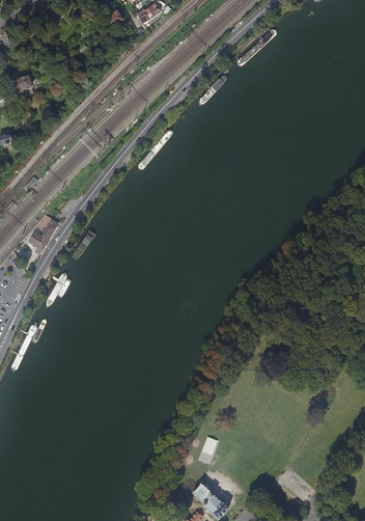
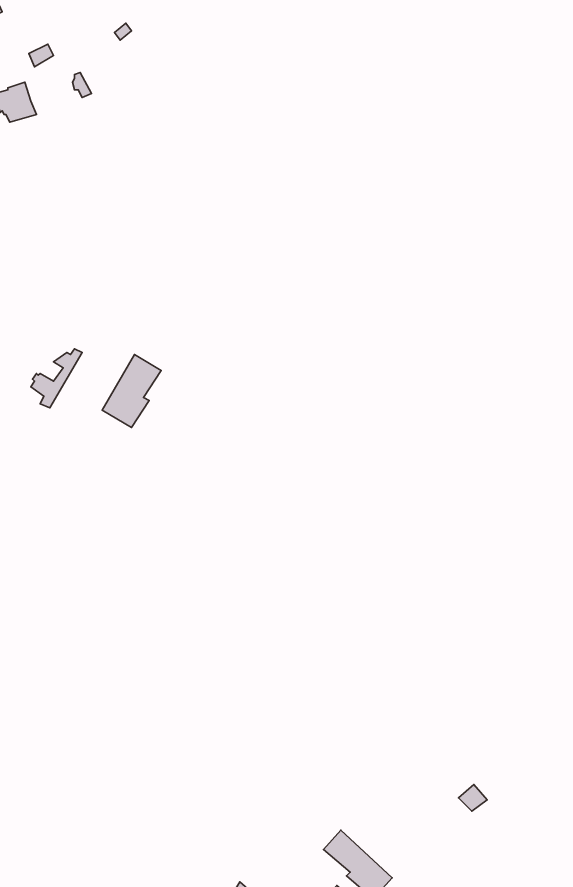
building: none -> [102,355,161,428]

